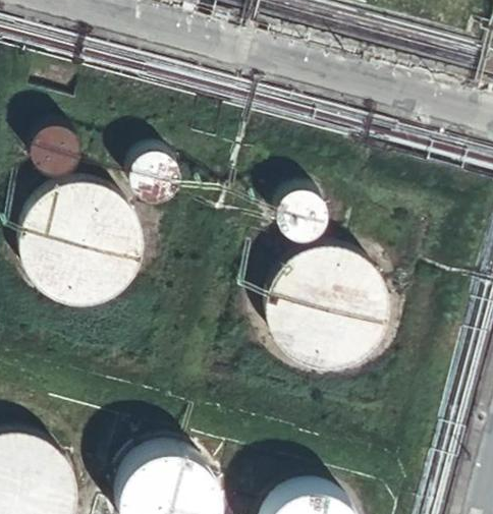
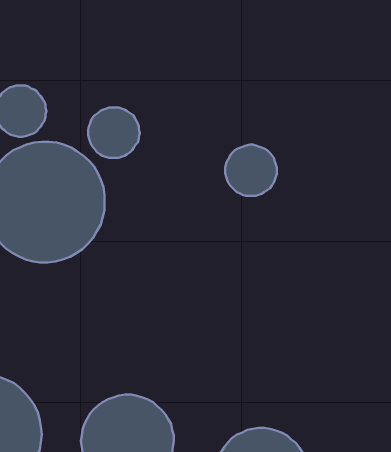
building: [262,241,391,369] -> none

